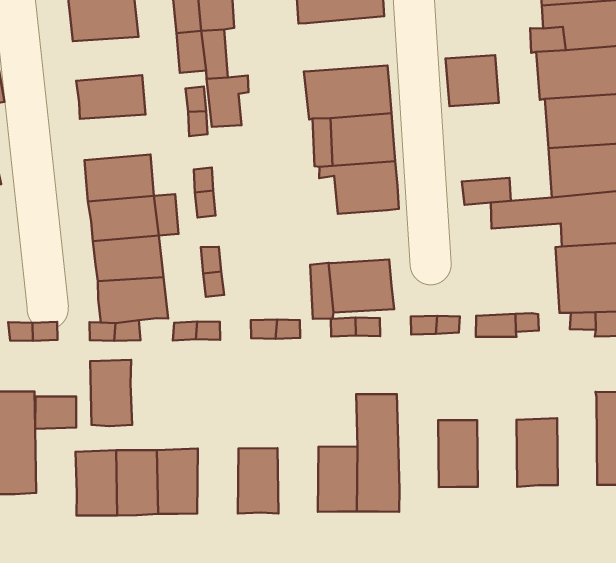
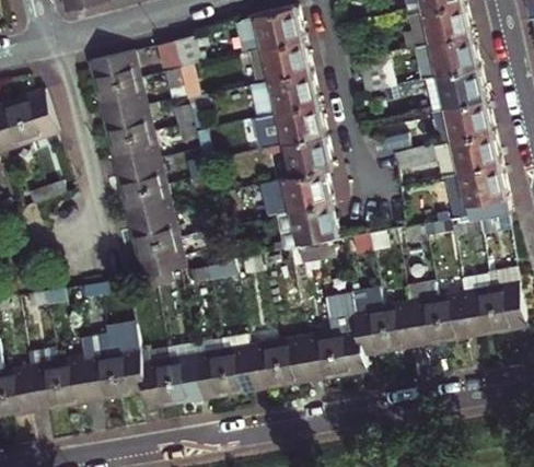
building: none -> [251,38,310,83]
building: none -> [95,79,146,115]
building: none -> [108,130,160,167]
building: none -> [275,168,332,210]
building: [90,360,132,426] -> [112,348,147,396]
building: none -> [351,287,390,354]
building: none -> [460,271,496,335]
building: none -> [408,295,442,345]
building: none -> [277,335,311,384]
building: none -> [223,345,257,393]

